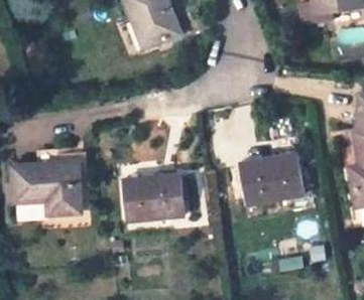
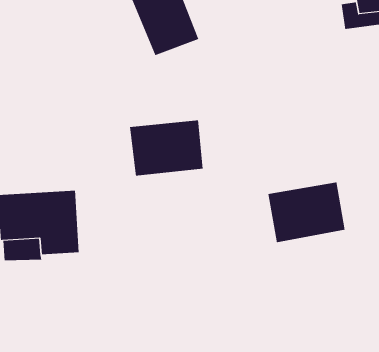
building: [123,173,186,220] -> [129,120,204,176]

